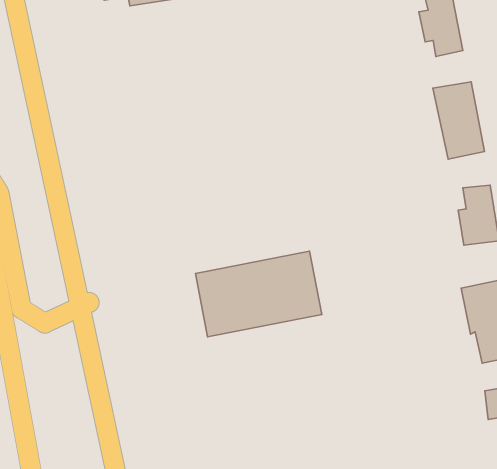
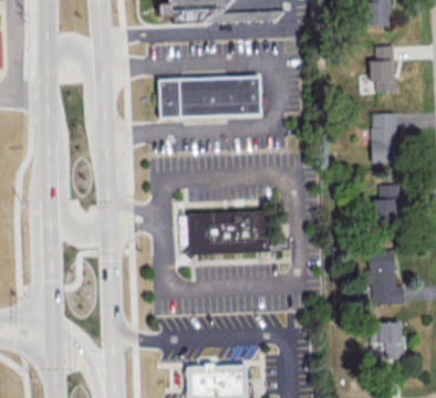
building: none -> [159,74,262,118]

